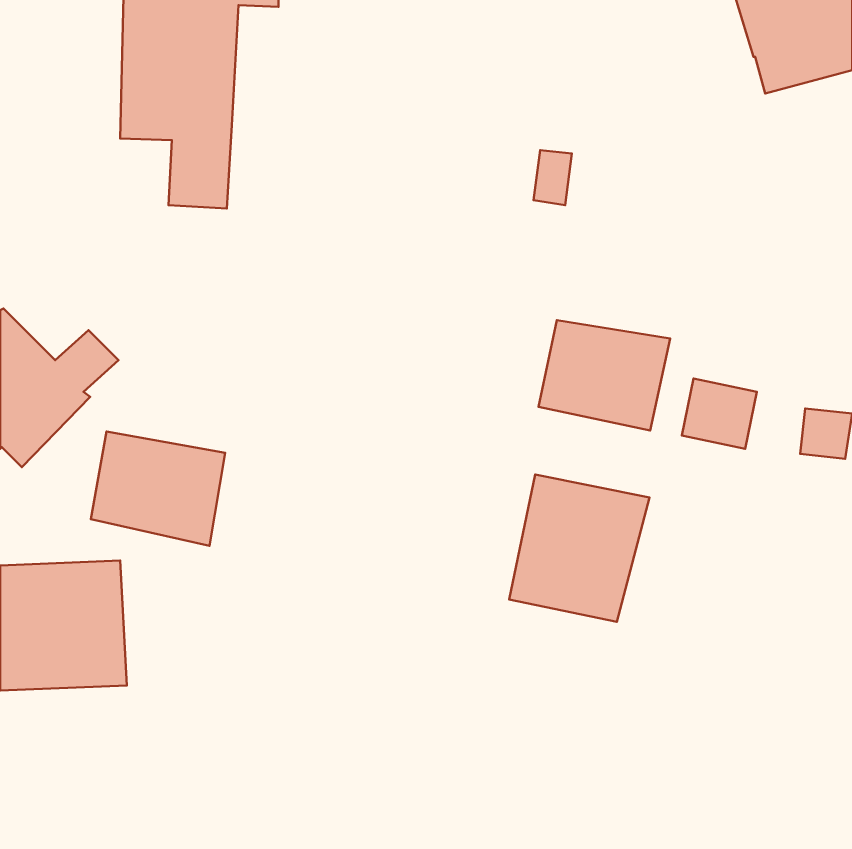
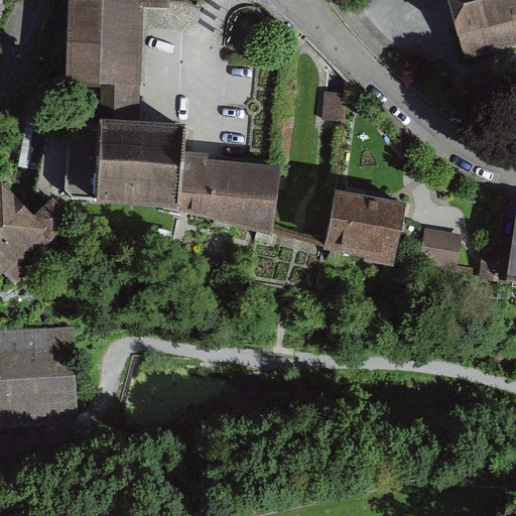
building: none -> [67,123,280,233]
building: [91,432,225,546] -> none
building: [509,474,650,622] -> none

